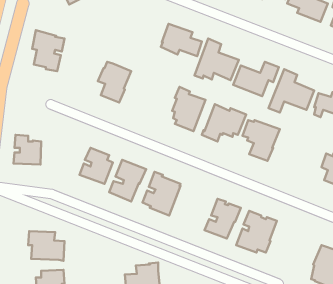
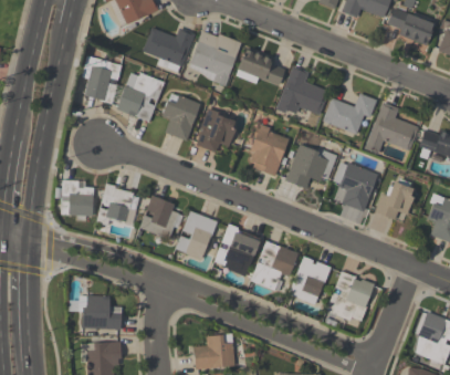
building: none -> [142,28,195,73]
building: none -> [188,31,241,86]
building: none -> [116,73,165,122]
building: none -> [196,108,234,153]
building: none -> [374,178,414,220]
building: none -> [95,184,139,226]
building: none -> [249,241,297,291]

